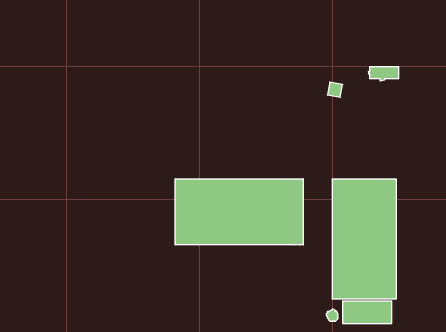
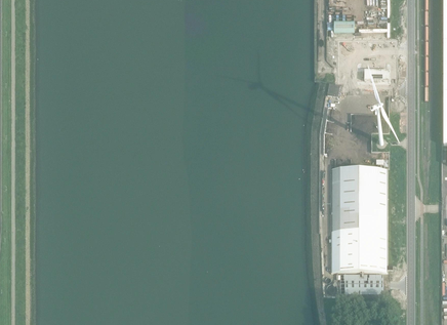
building: [175,179,303,245] -> none

